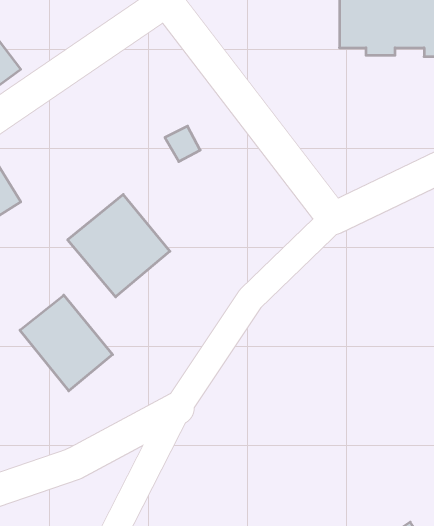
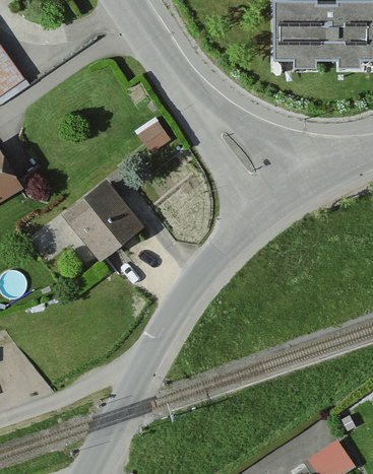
building: [20,295,113,391] -> none

